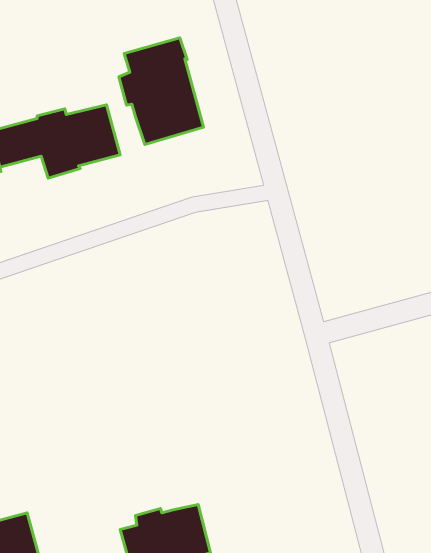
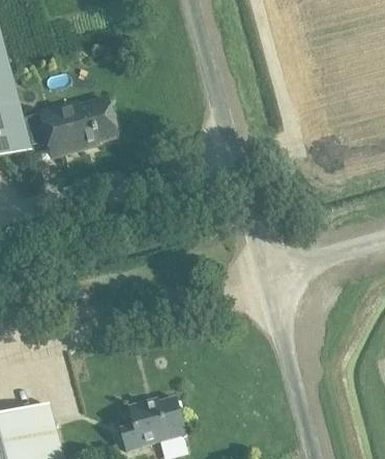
building: [119,38,204,144] -> none

